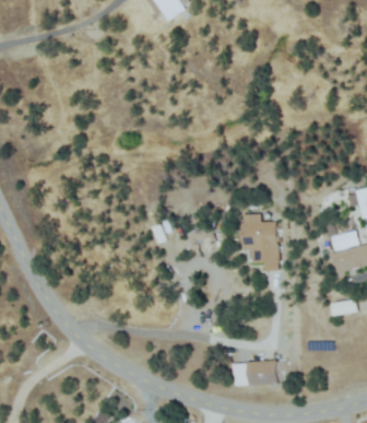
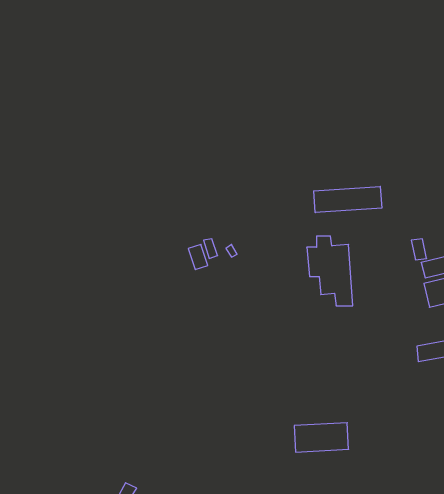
building: none -> [314,186,382,213]

